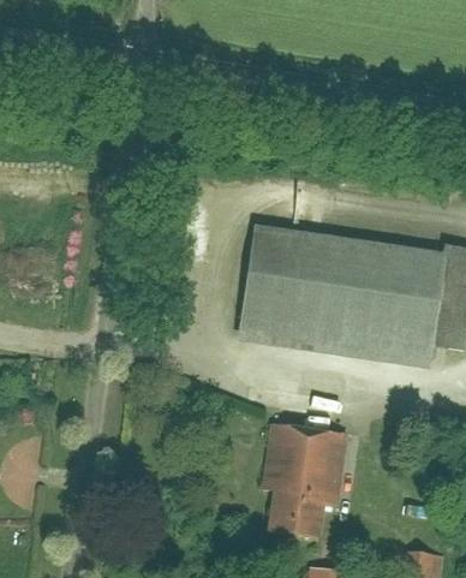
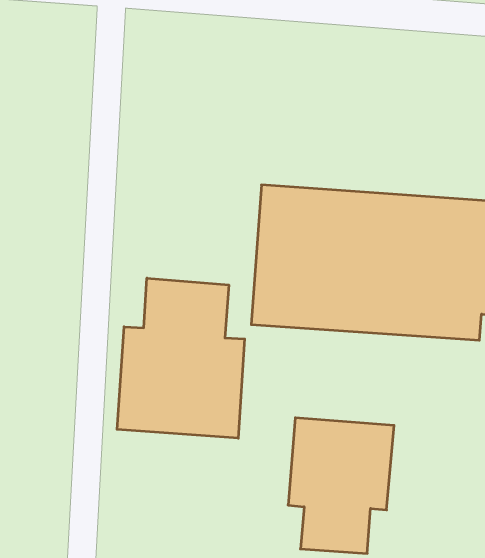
building: none -> [117,278,245,438]

